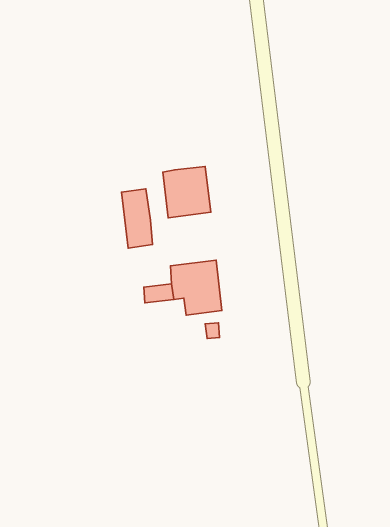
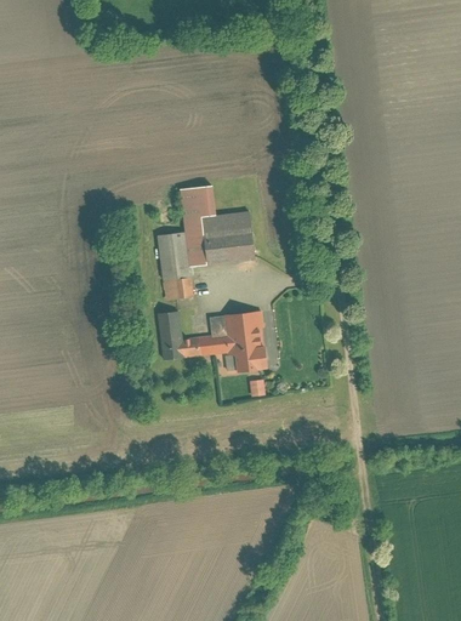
building: none -> [180,183,216,267]
building: none -> [158,310,183,359]

